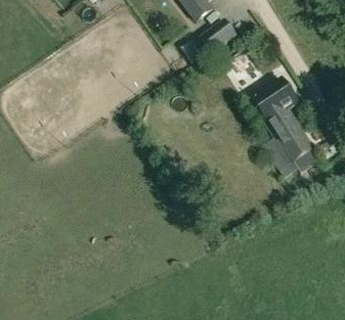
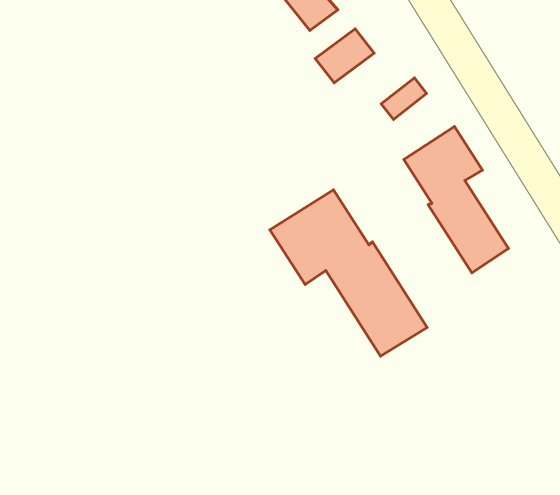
building: none -> [270,190,427,356]

